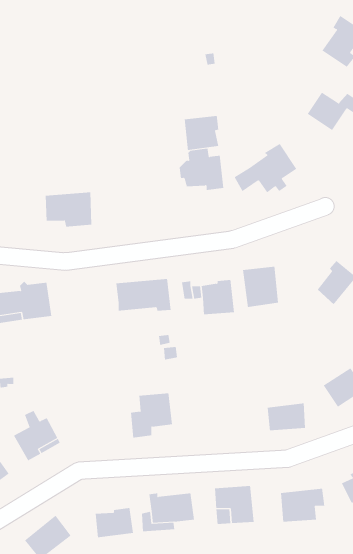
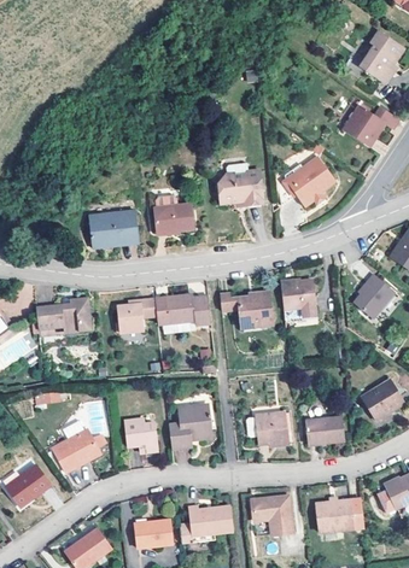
building: [184,115,219,151] -> none
building: none -> [154,195,193,234]
building: none -> [118,297,158,333]
building: none -> [257,415,288,446]
building: none -> [125,417,159,453]

